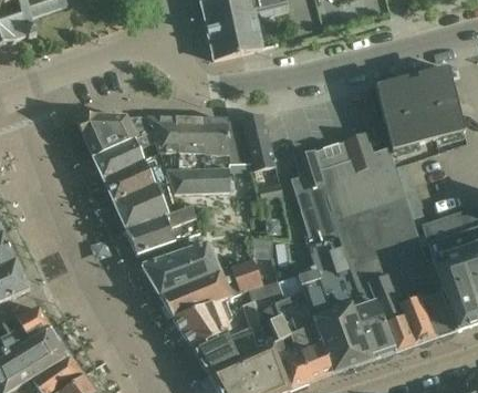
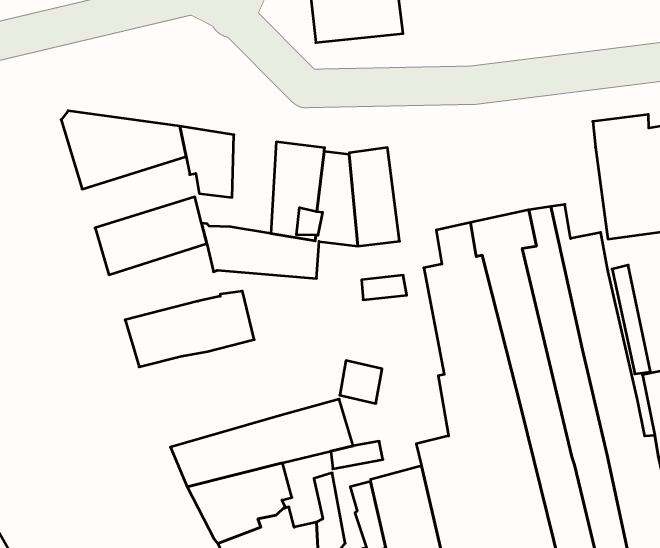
building: [174,116,201,169] -> none
building: [92,132,156,178] -> none
building: [113,179,177,228] -> none
building: [142,242,219,297] -> none

